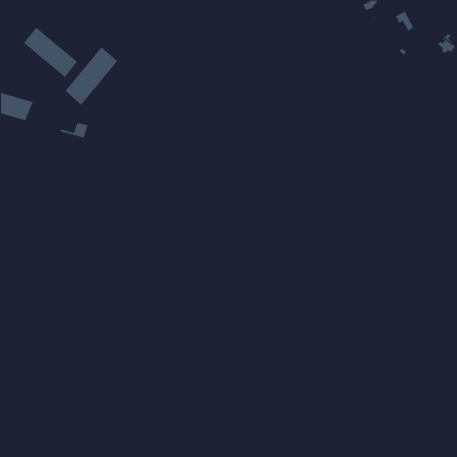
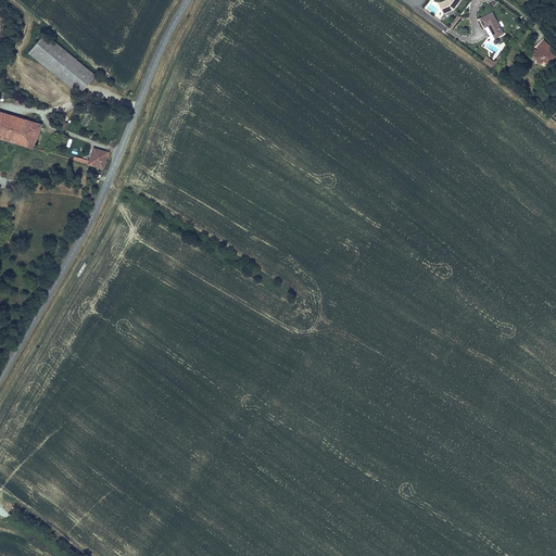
building: [65,47,118,105] -> none

